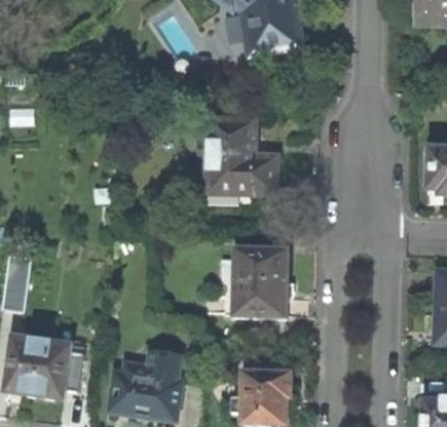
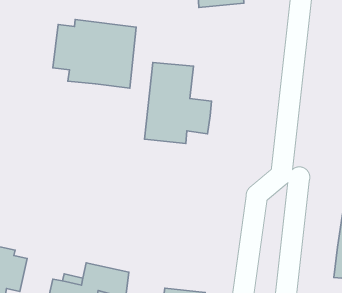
building: none -> [53,20,136,88]
building: [222,248,288,316] -> none

